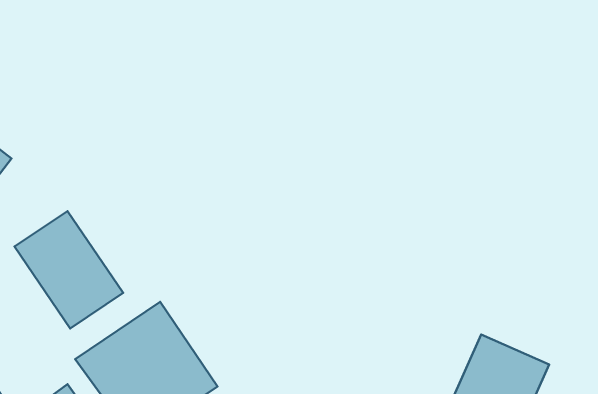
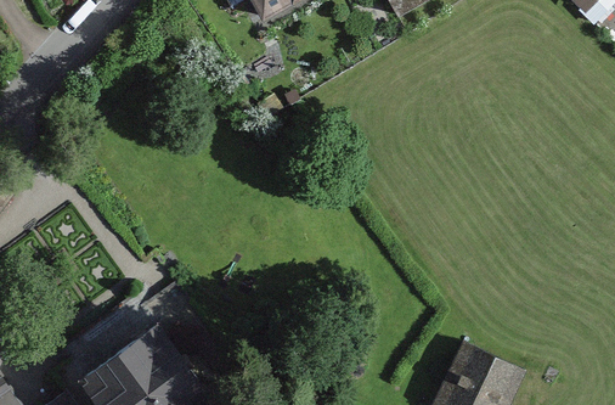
building: [15,211,123,328] -> none

